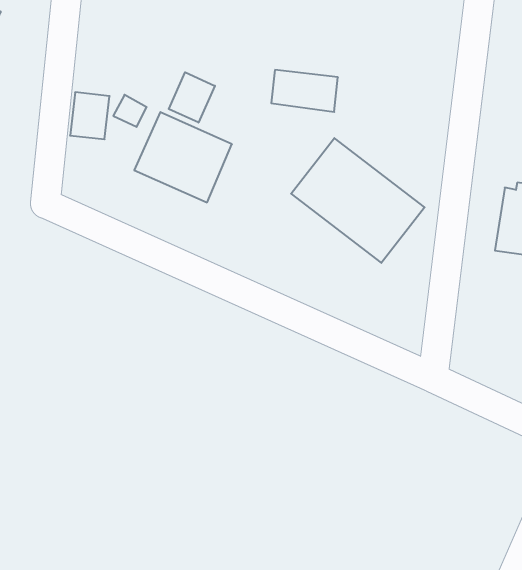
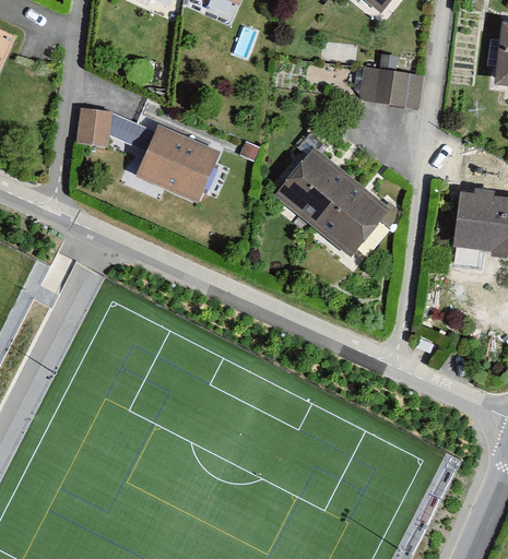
building: [271,70,338,112] -> [361,70,420,107]
building: [169,72,215,123] -> none

